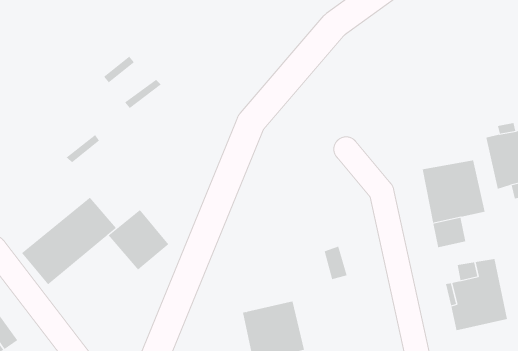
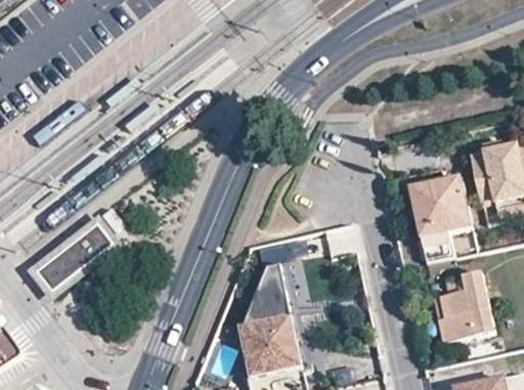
building: [108,209,169,270] -> none
building: none -> [242,263,287,324]

